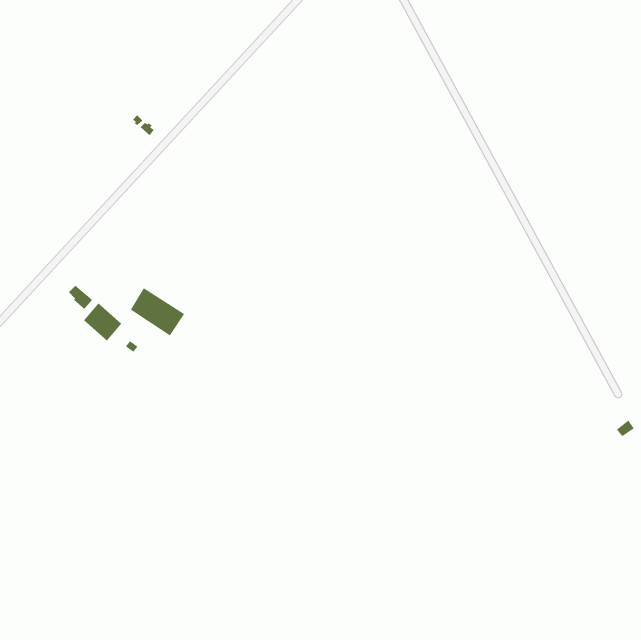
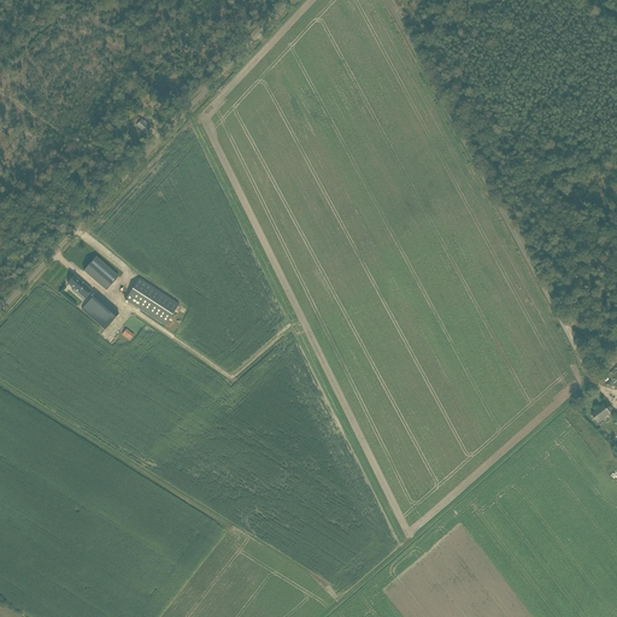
building: none -> [84,255,119,288]

